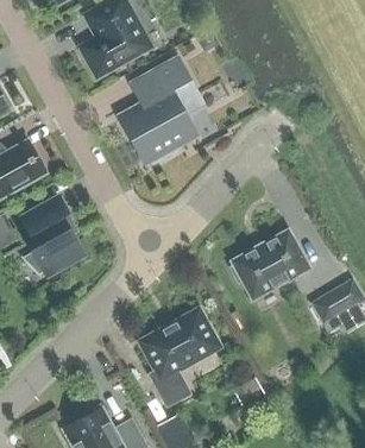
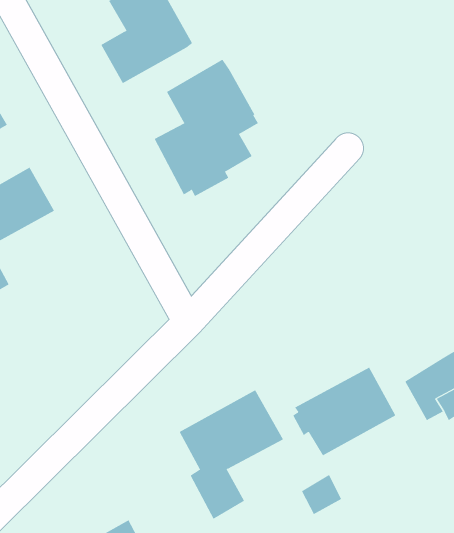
building: [21,196,84,276] -> none
building: [231,231,309,298] -> [293,367,396,456]

